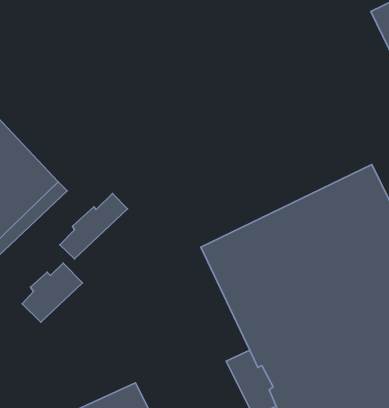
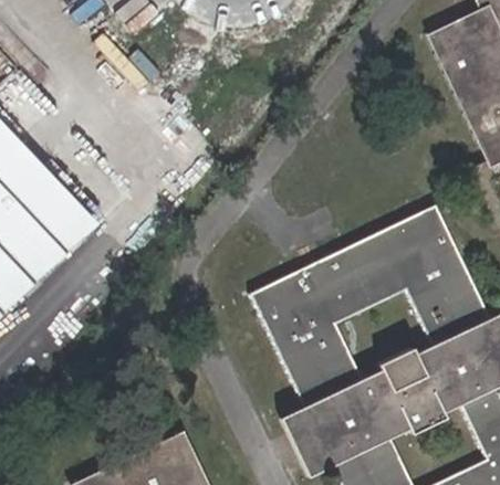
building: [60,194,127,259] -> none
building: [22,263,83,322] -> none

